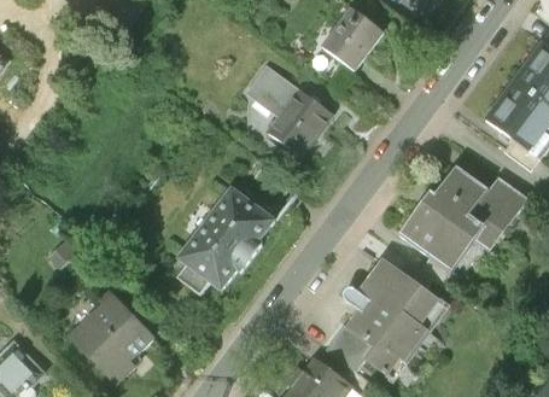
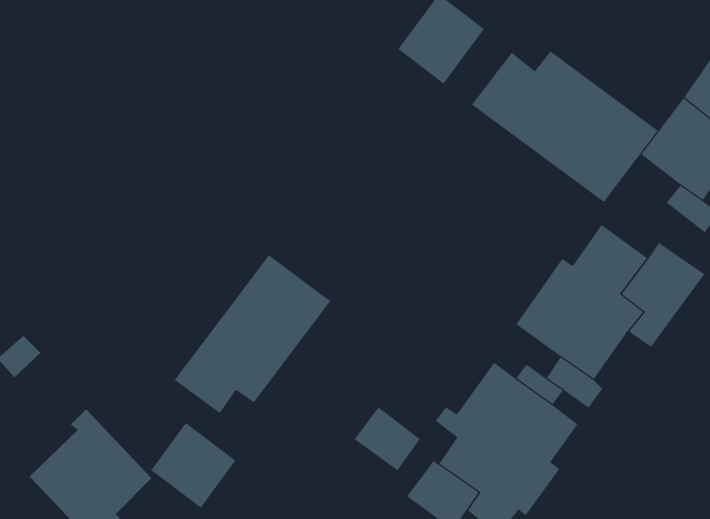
building: none -> [471,51,658,203]
building: [247,63,333,154] -> none
building: none -> [354,407,421,471]
building: none -> [150,422,236,509]

